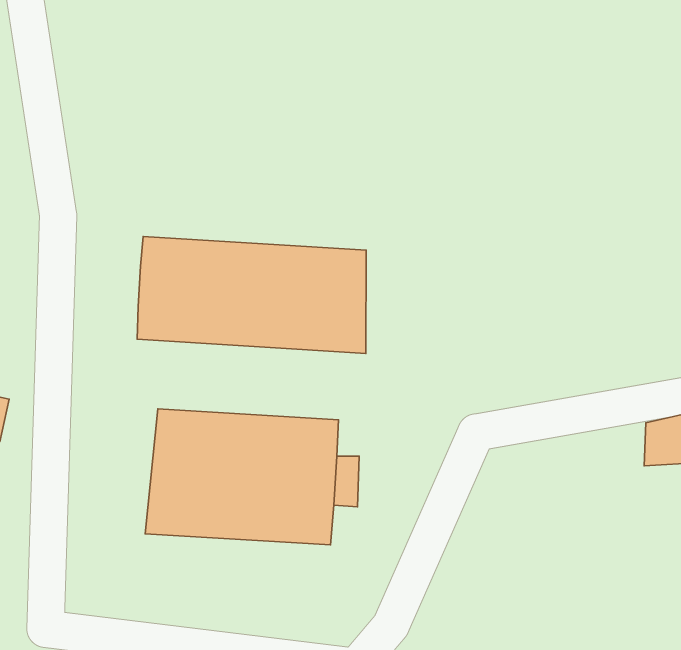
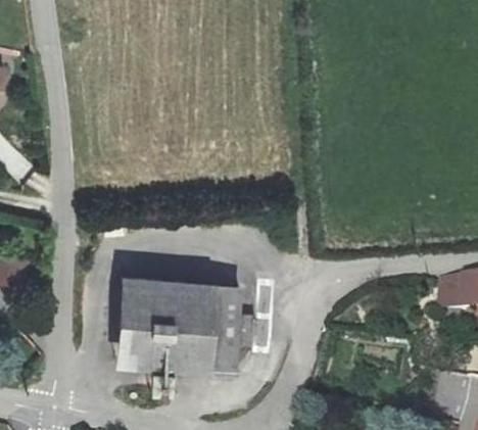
building: [137,236,366,353] -> none

